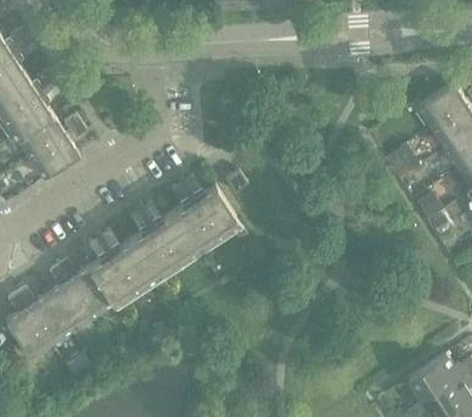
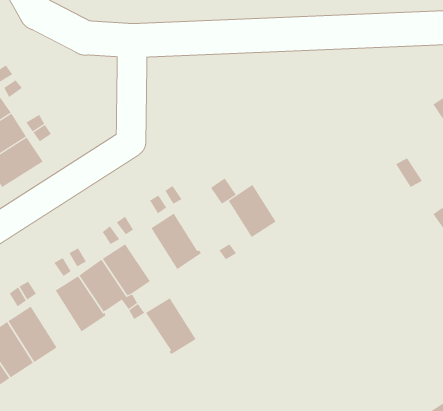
building: [191,187,234,234] -> [228,184,276,238]
building: [149,215,194,265] -> [145,298,196,354]
building: [67,270,110,319] -> none

